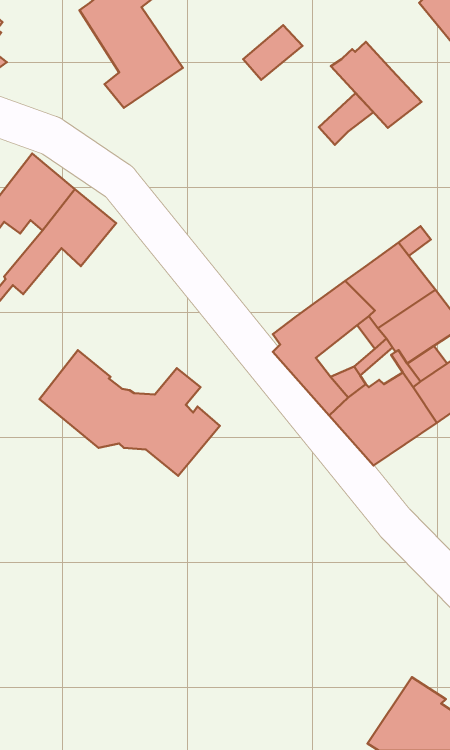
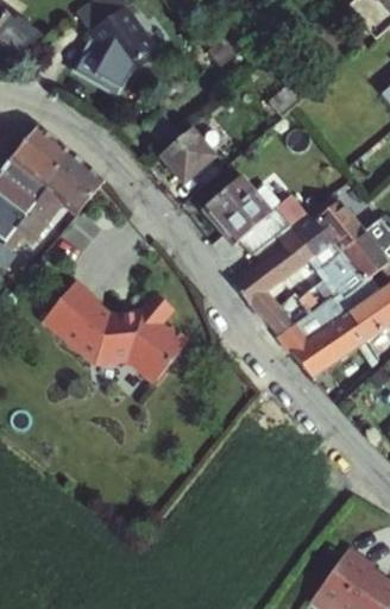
building: [331,42,421,128] -> none
building: none -> [163,131,215,183]
building: none -> [207,181,308,257]

